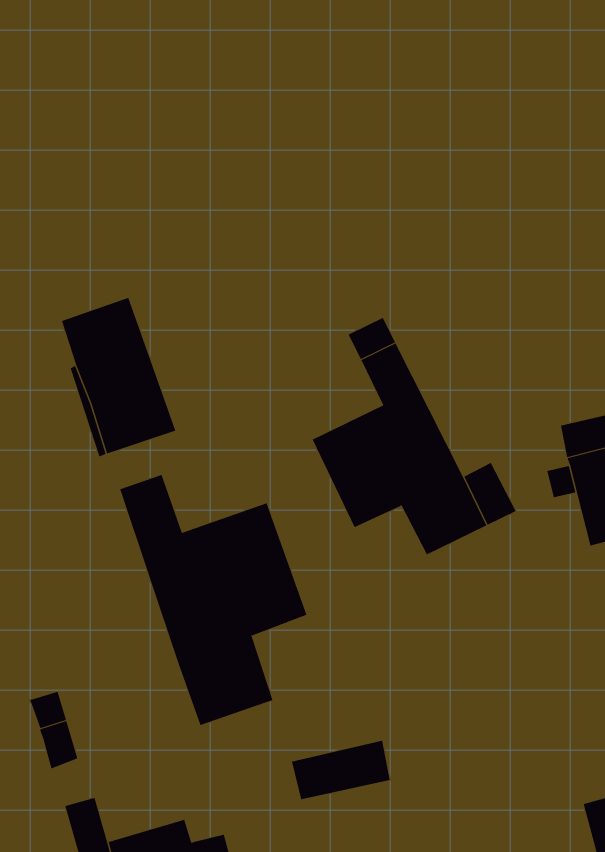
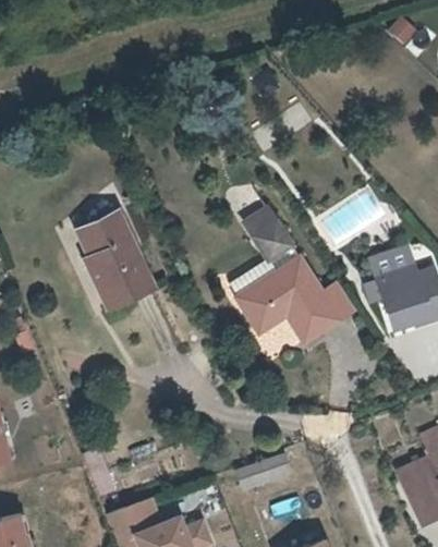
building: [120,474,307,726] -> none

